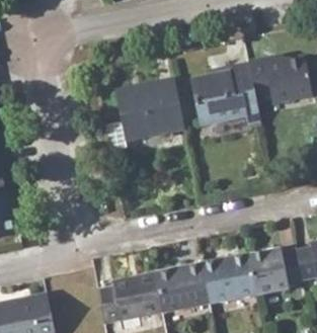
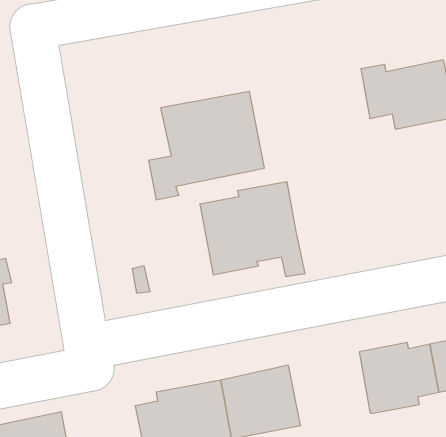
building: [189,63,260,127] -> [200,182,305,276]
building: [200,253,254,303] -> none

